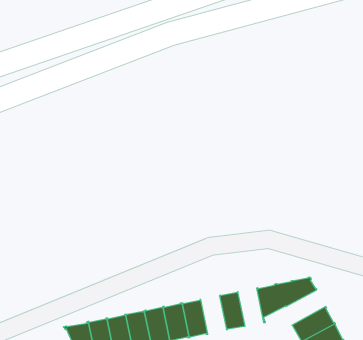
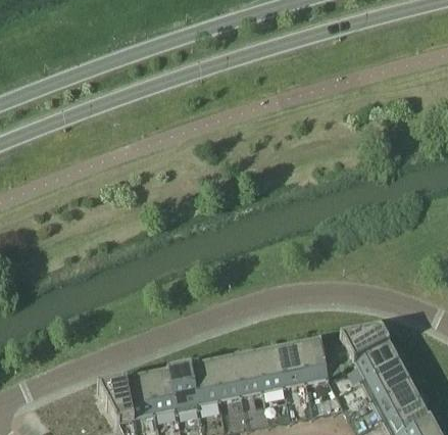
building: none -> [301,340,331,384]
building: none -> [356,342,402,383]
building: none -> [258,349,288,393]

